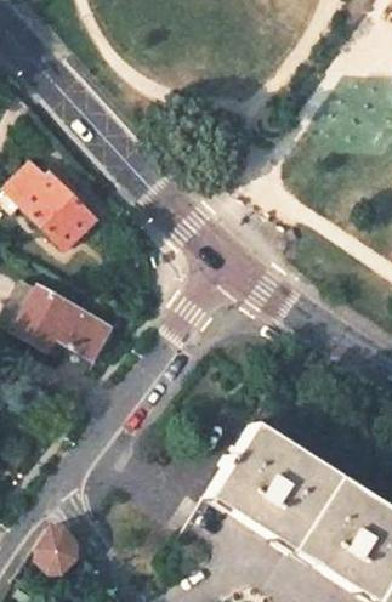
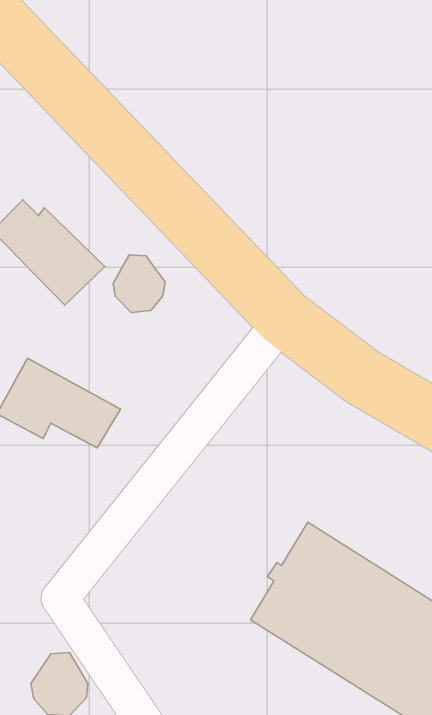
building: none -> [113,255,165,312]

